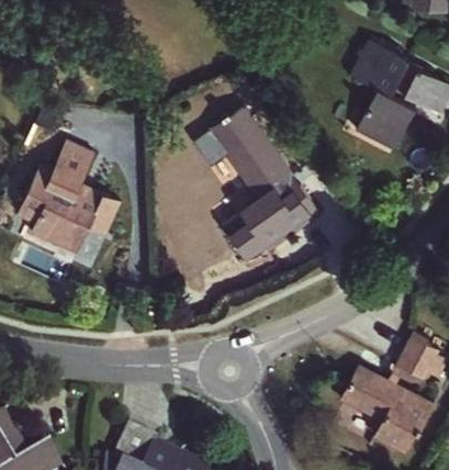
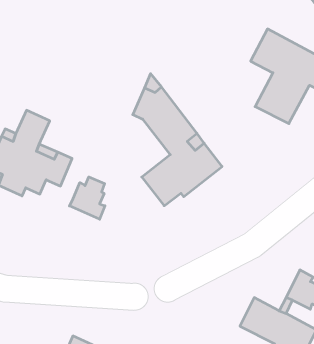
building: none -> [69,177,105,219]

